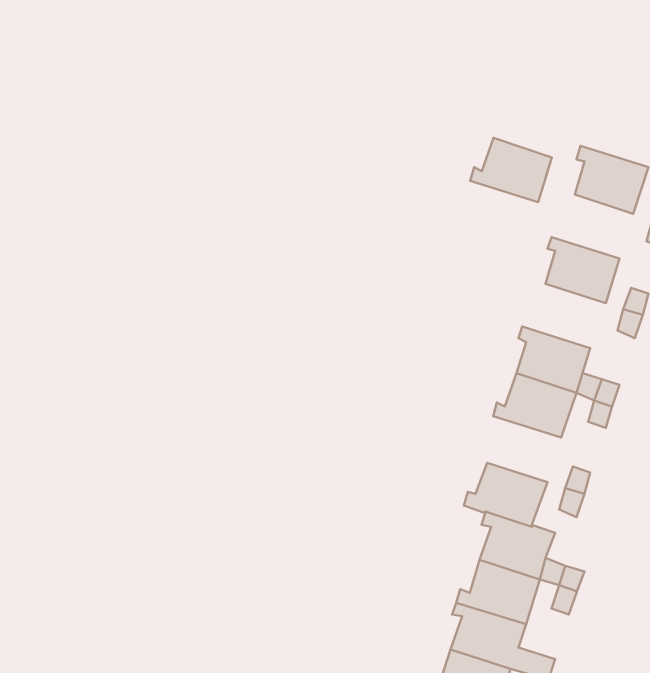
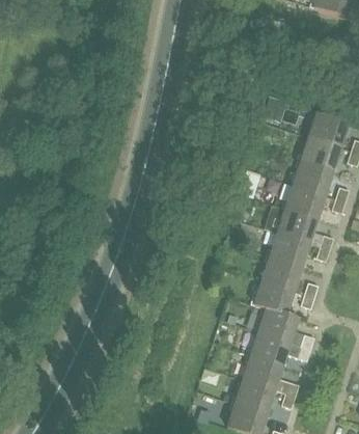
building: [470,138,552,202] -> [297,136,340,170]
building: none -> [281,184,326,218]
building: none -> [263,254,302,290]

